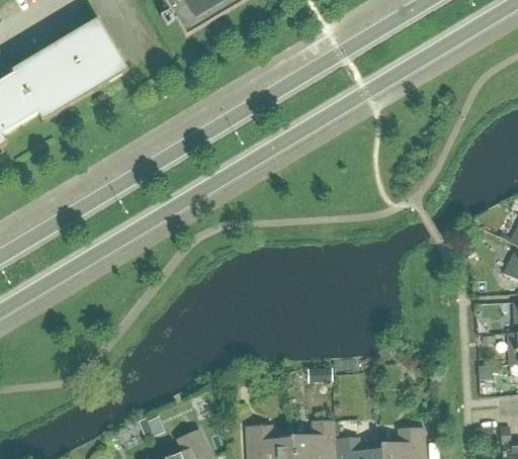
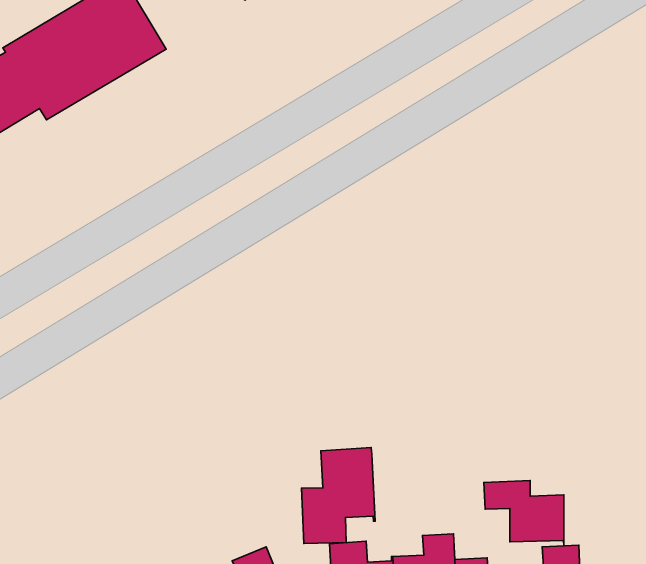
building: none -> [302,447,375,544]
building: none -> [484,481,564,546]

